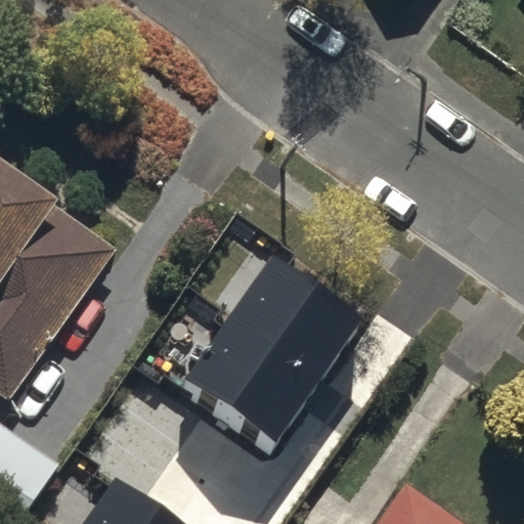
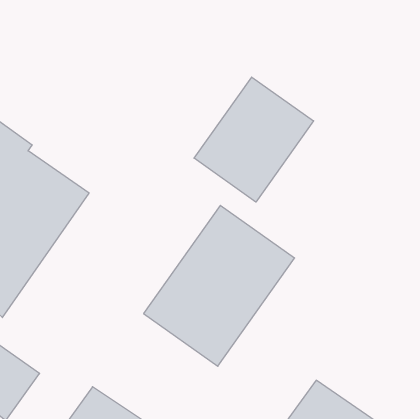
building: none -> [194,77,314,202]

